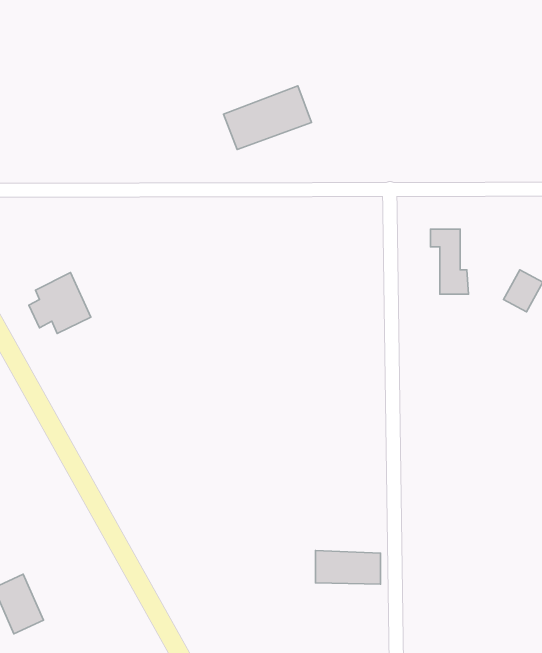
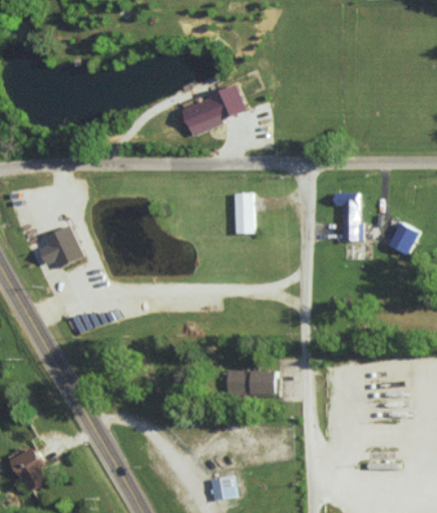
building: none -> [234,192,254,233]
building: [316,550,381,584] -> [227,370,275,395]
building: none -> [209,475,236,501]

